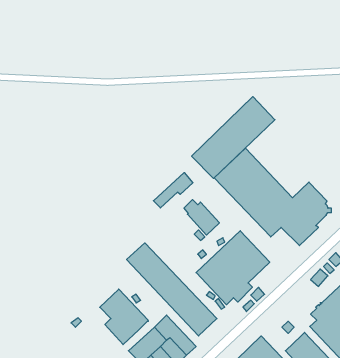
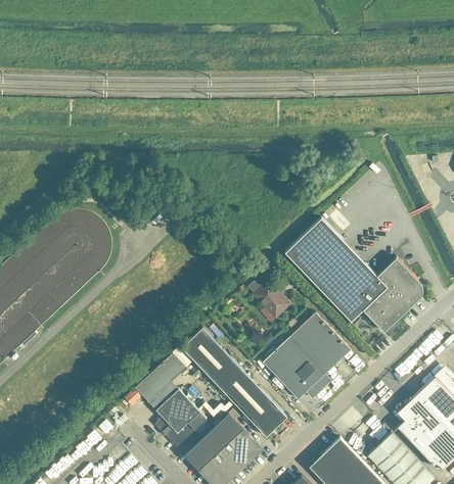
building: [192,97,275,178] -> none
building: [153,173,193,208] -> none
building: none -> [135,353,187,404]

